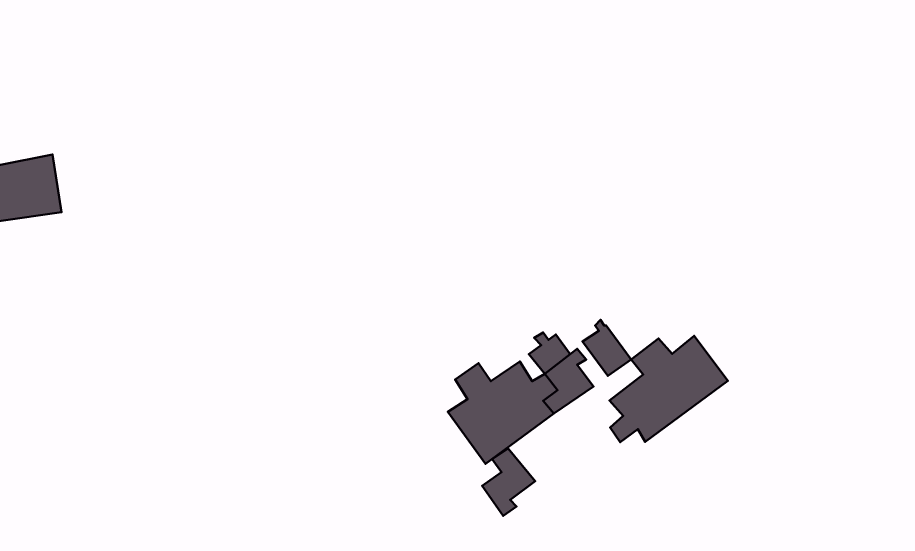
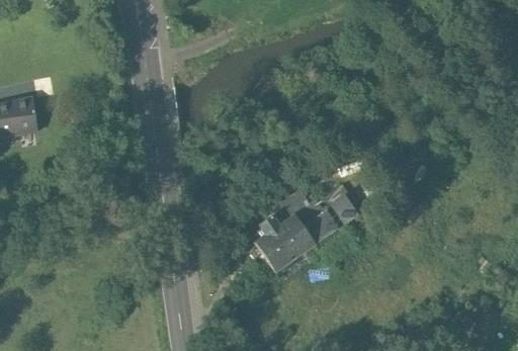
building: [610,336,728,442] -> none
building: [482,449,535,516] -> none

